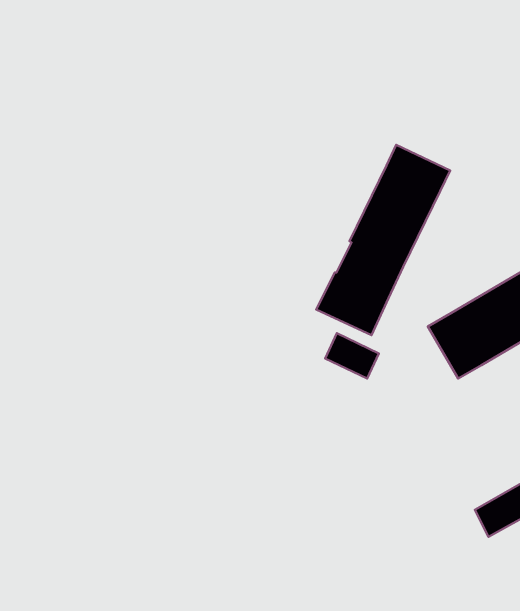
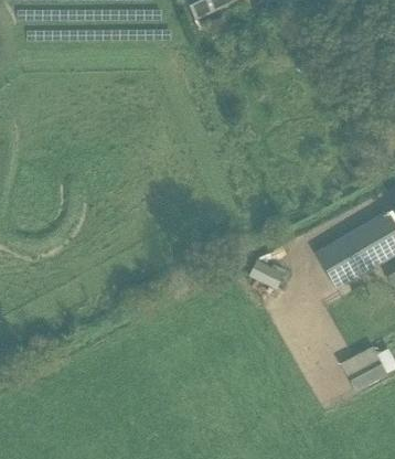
building: [316,145,450,335] -> none

